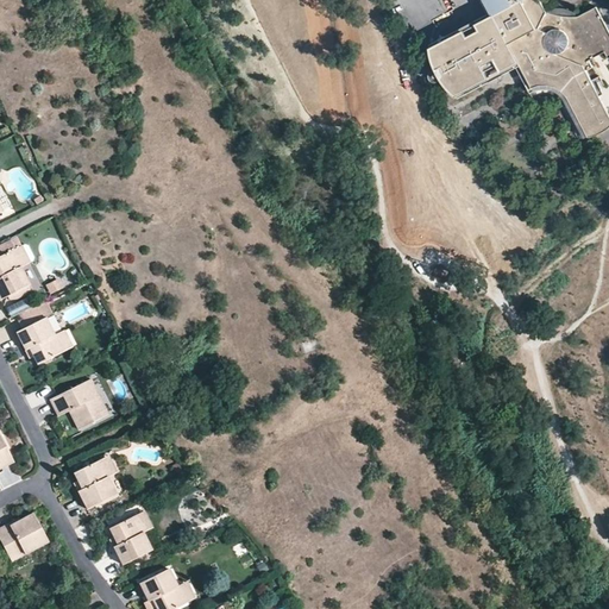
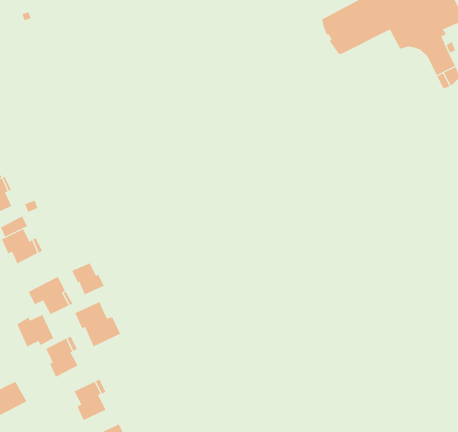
building: none -> [71,262,105,295]
building: none -> [74,301,121,347]
building: none -> [17,314,54,348]

